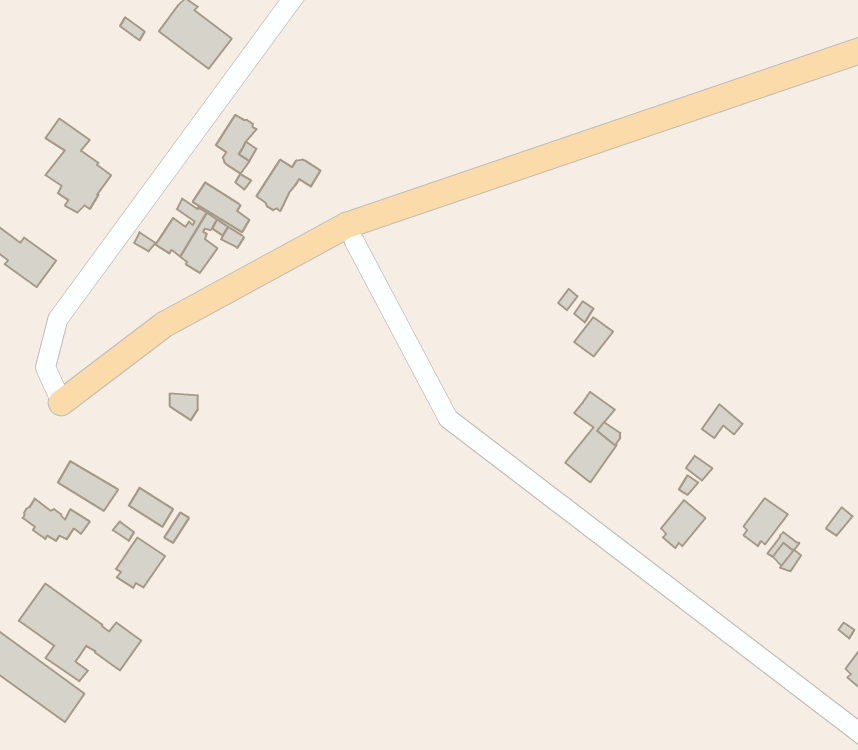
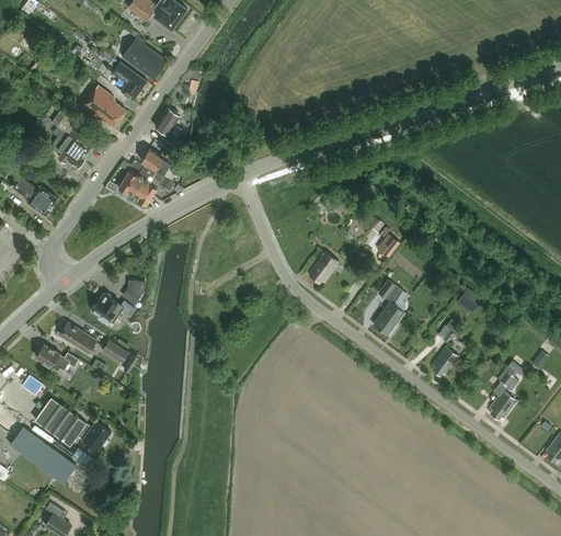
building: none -> [111,61,147,99]
building: none -> [81,85,125,126]
building: [257,159,320,211] -> none
building: none -> [309,252,339,283]
building: none -> [92,295,135,326]
building: [744,498,788,546] -> [489,390,516,420]
building: [116,538,165,588] -> none

